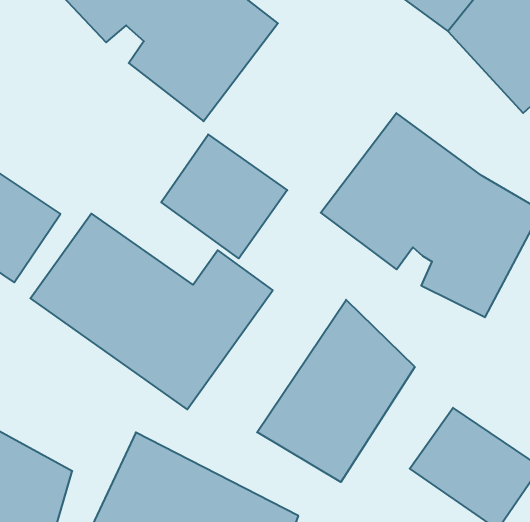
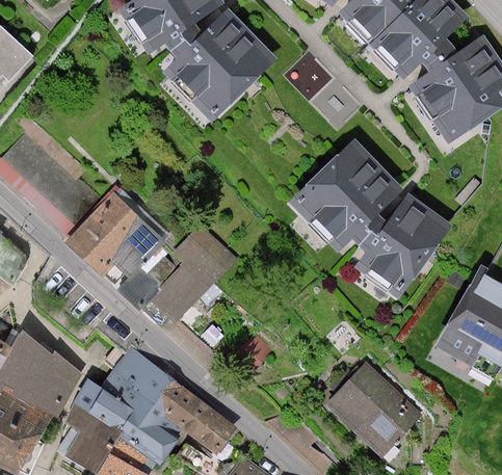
building: [161,134,287,258] -> none
building: [257,300,415,482] -> none

